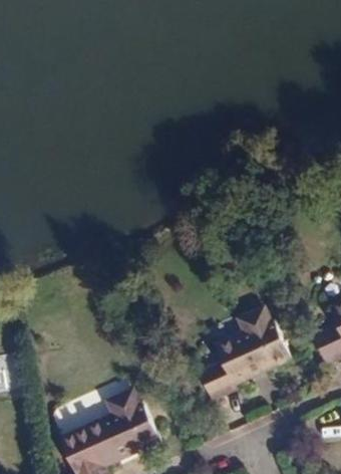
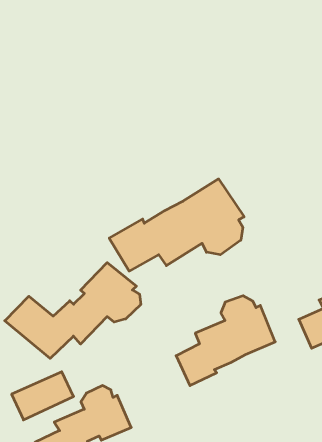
building: none -> [109,179,244,271]
building: none -> [5,263,141,358]

